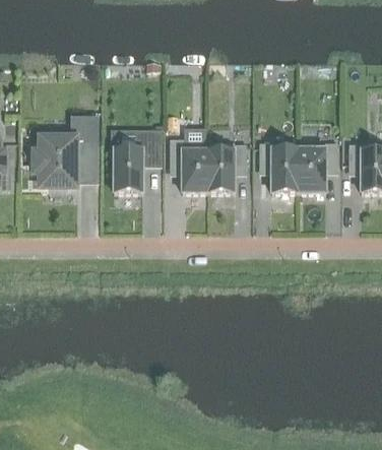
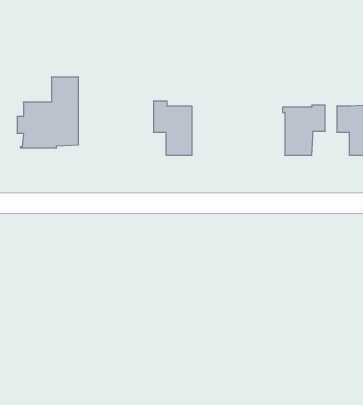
building: [114,133,158,192] -> none
building: [259,143,298,192] -> none
building: [207,144,246,192] -> none

